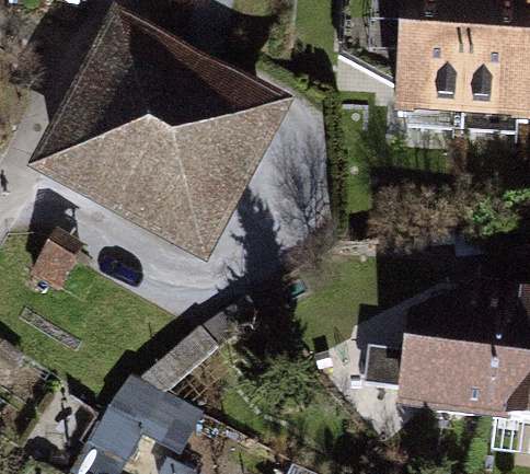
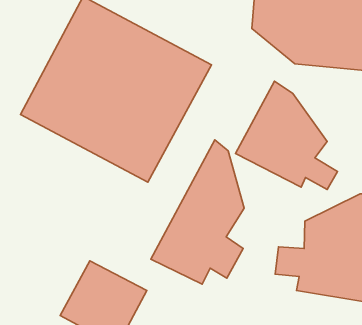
building: none -> [236,81,337,190]
building: none -> [151,140,244,284]

